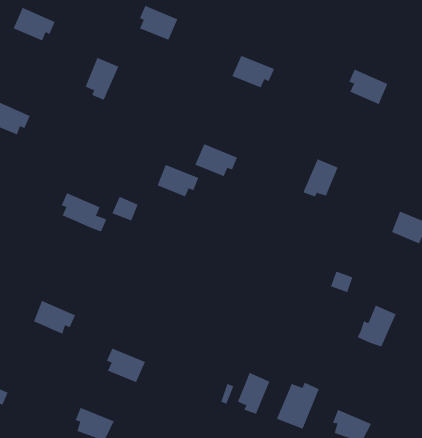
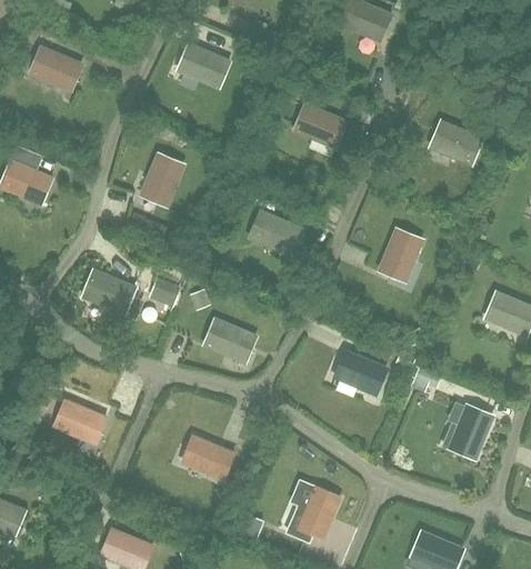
building: [85,57,119,101] -> [143,153,184,206]
building: [157,164,199,197] -> [204,319,256,359]
building: none -> [339,351,387,393]
building: [106,348,146,383] -> [186,437,233,479]
building: [276,382,320,430] -> none

